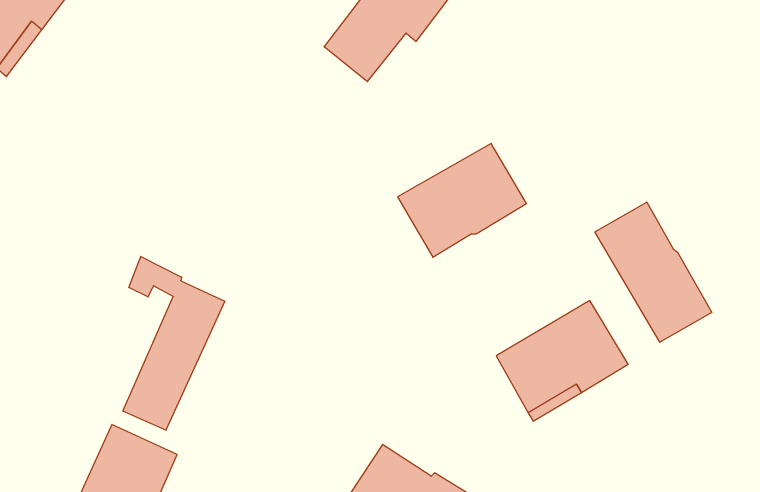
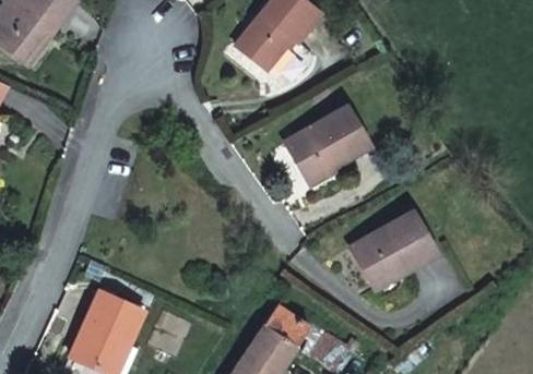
building: [595,202,712,342] -> none
building: [123,256,225,430] -> none

